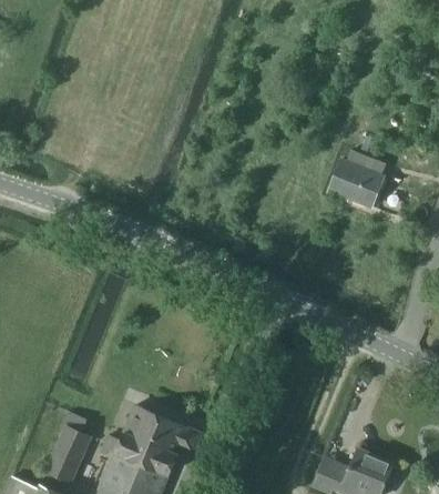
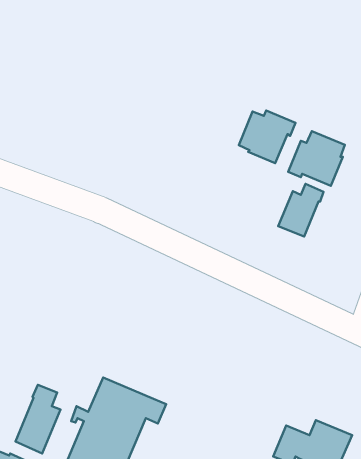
building: none -> [239,111,296,163]
building: none -> [278,184,324,236]

